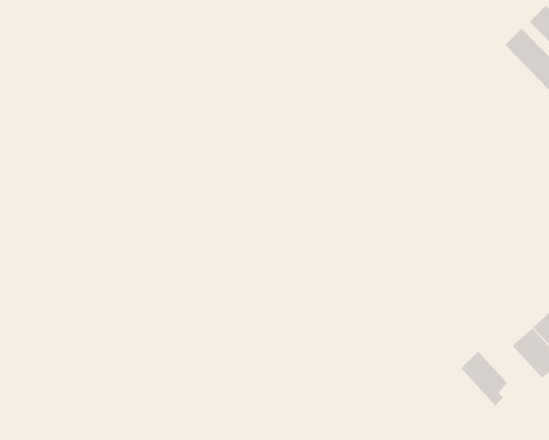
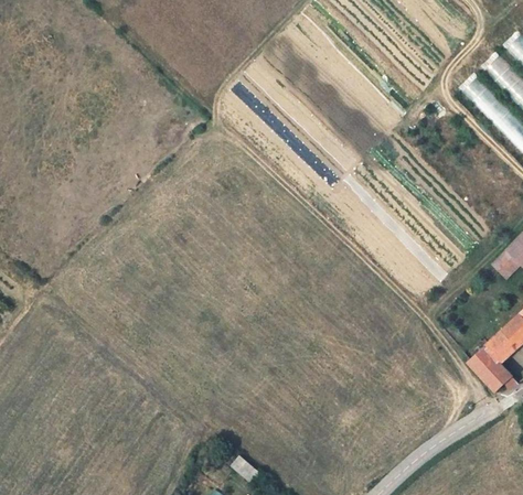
building: [460,351,508,406] -> none

